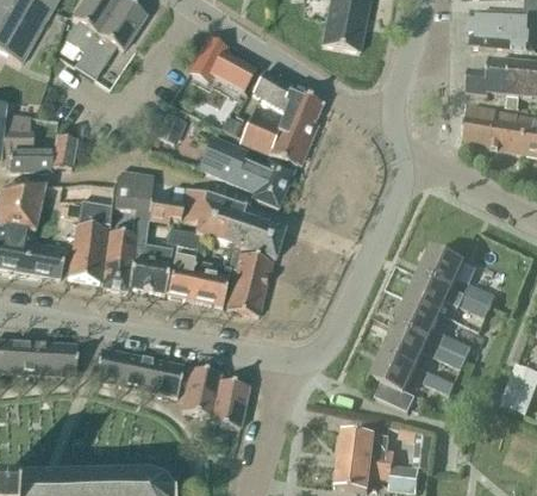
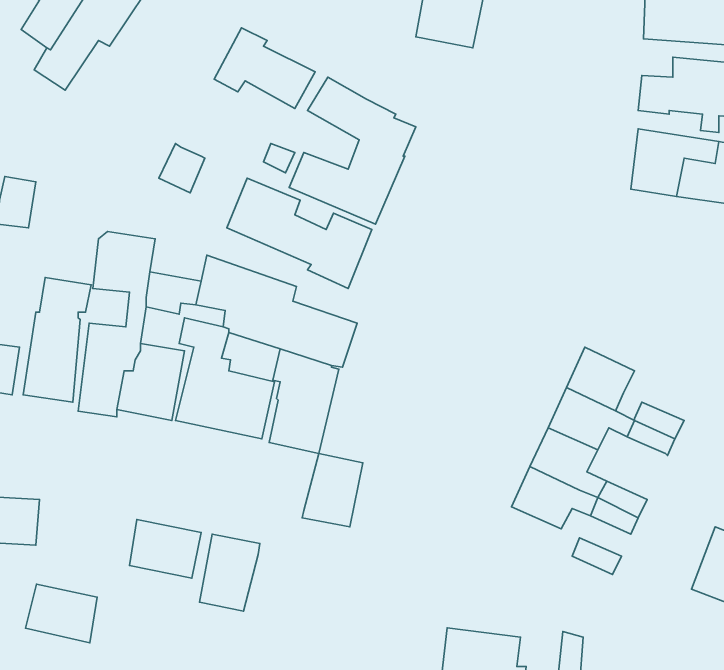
building: [95,348,142,386] -> [26,584,97,643]
building: [373,348,417,409] -> none
building: [210,379,249,427] -> [302,454,363,527]

